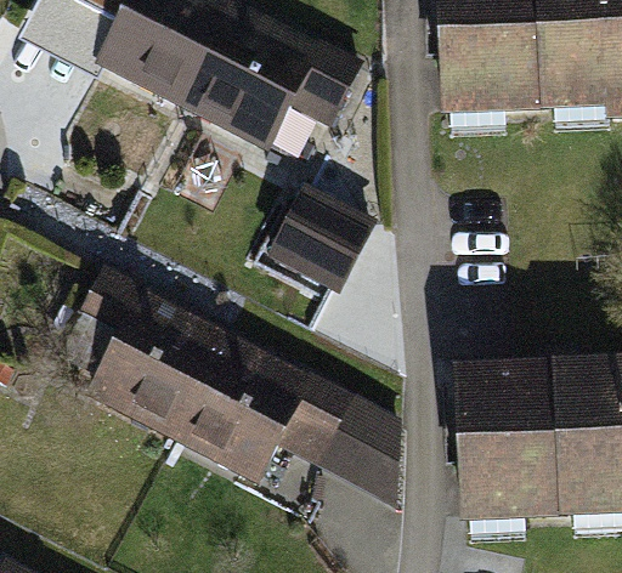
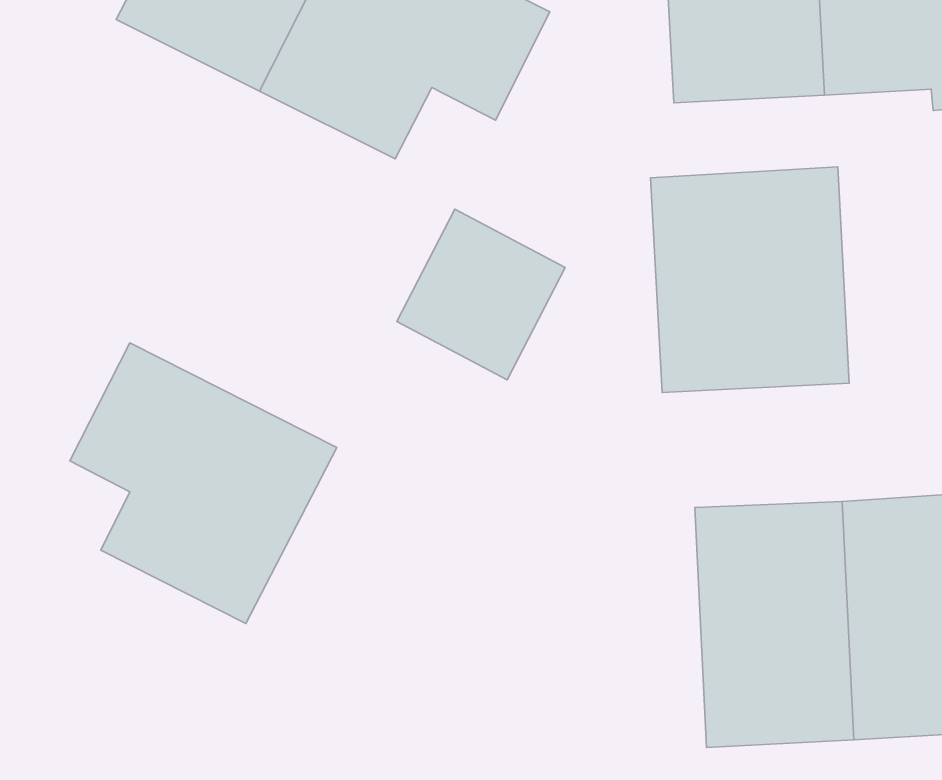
building: none -> [651,167,849,393]
building: [175,333,402,505] -> none

